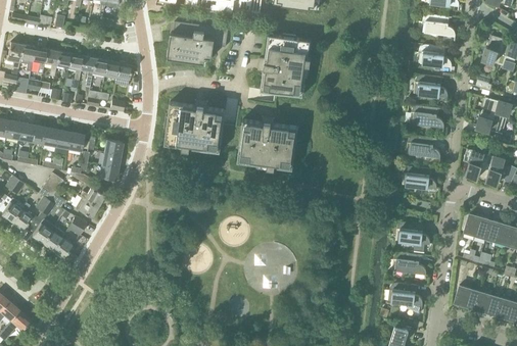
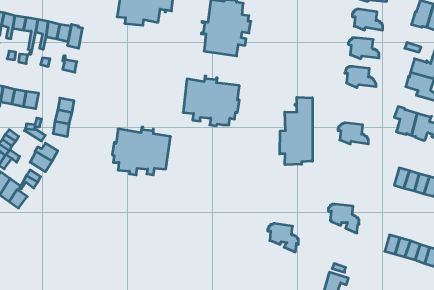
building: [165,101,227,152] -> [112,127,171,175]
building: [409,138,441,159] -> none
building: none -> [280,97,312,165]
building: [397,224,431,254] -> none
building: [390,284,423,314] -> [268,223,298,252]

